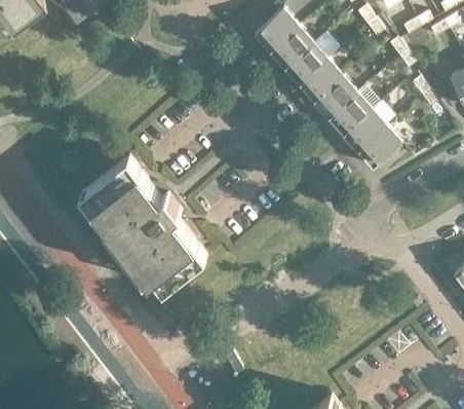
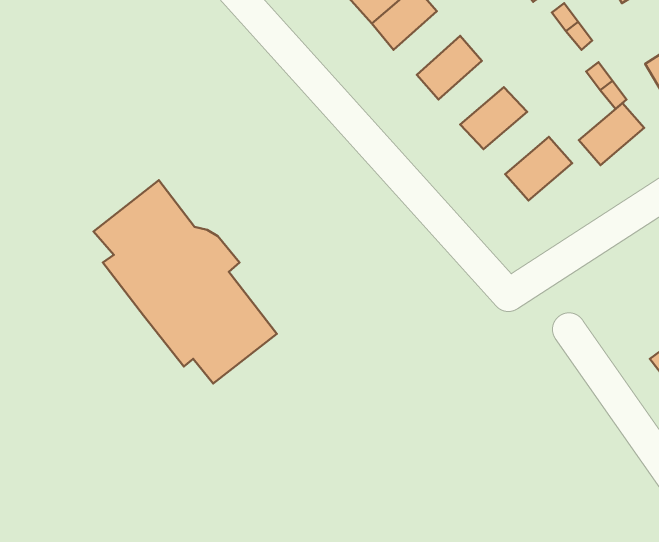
building: [284,42,328,84] -> none
building: [314,75,357,117] -> none
building: [344,109,387,150] -> [579,103,644,165]

